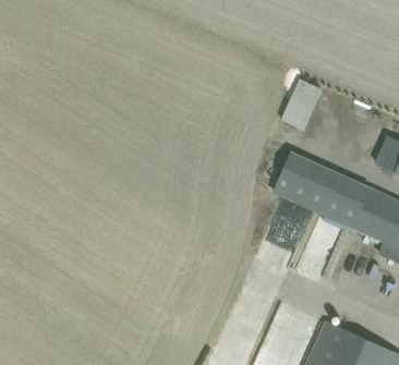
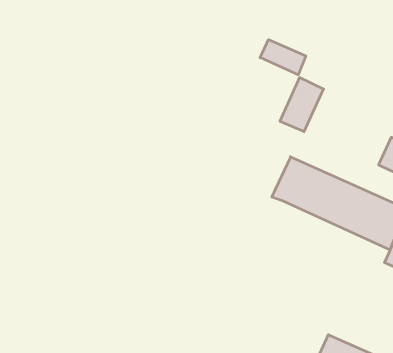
building: none -> [260,40,306,75]

